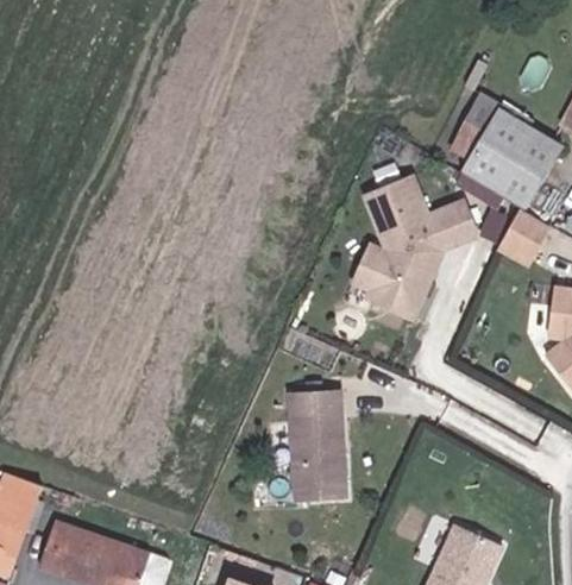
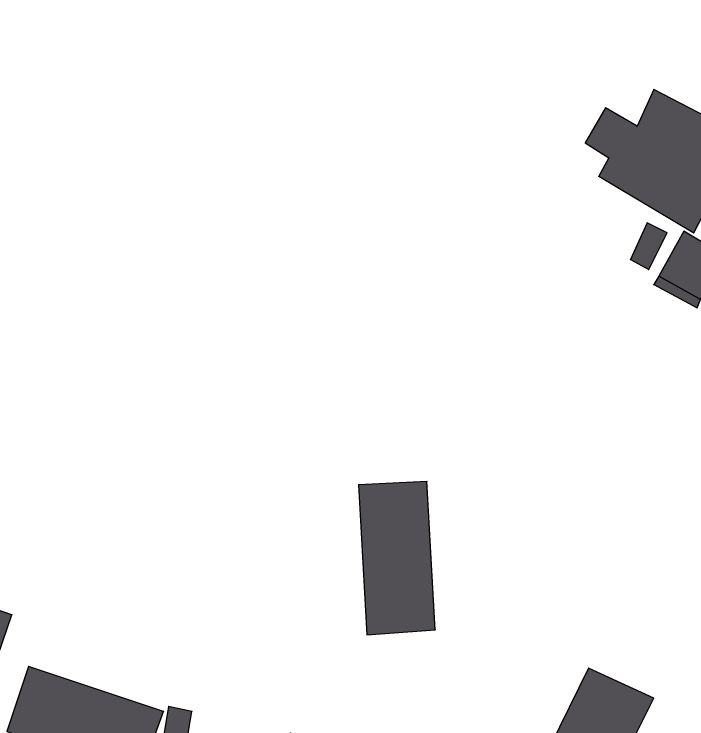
building: [358,177,479,317] -> none

